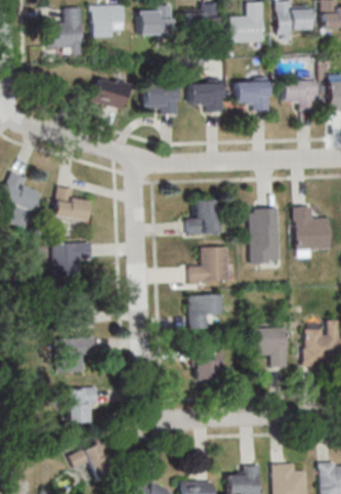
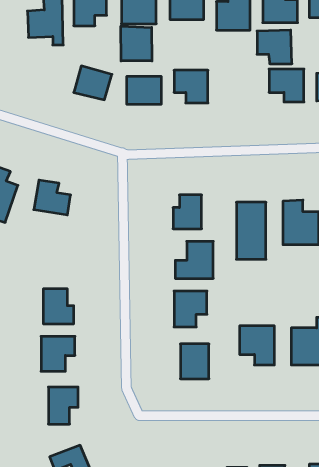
building: none -> [121,26,152,61]
building: [236,78,269,111] -> [257,30,292,64]
building: [53,243,91,276] -> none

